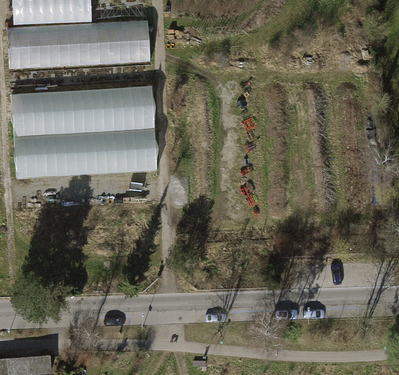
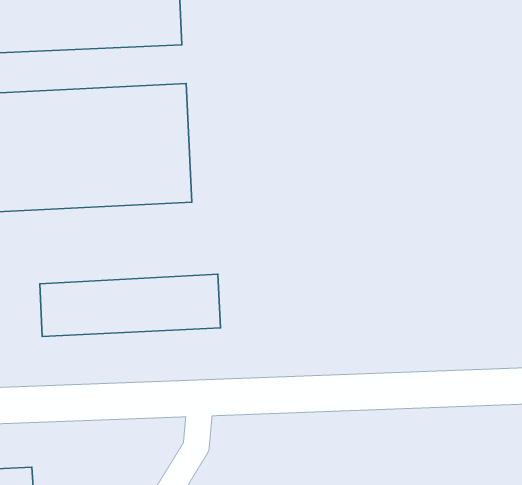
building: none -> [40,274,220,336]

